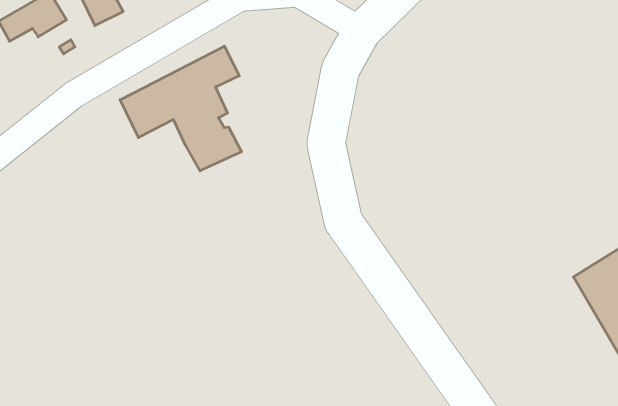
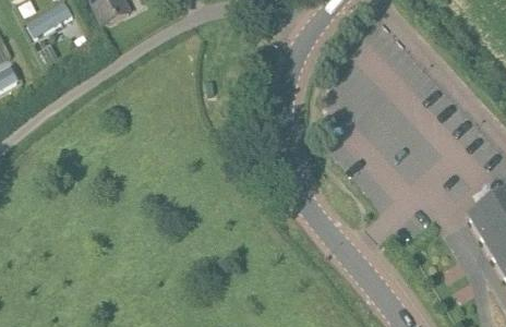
building: [120,46,242,171] -> none

